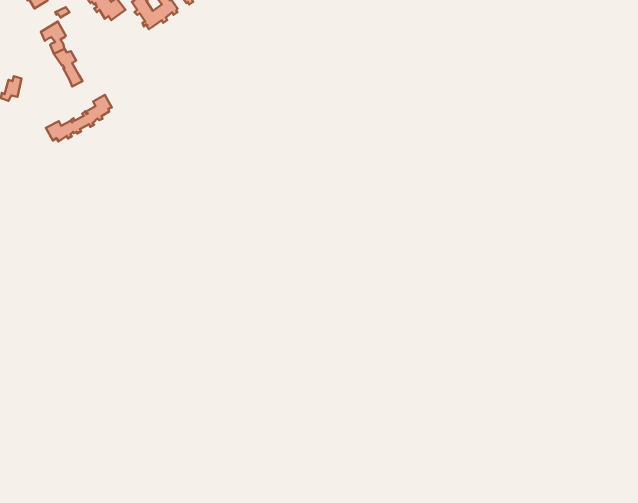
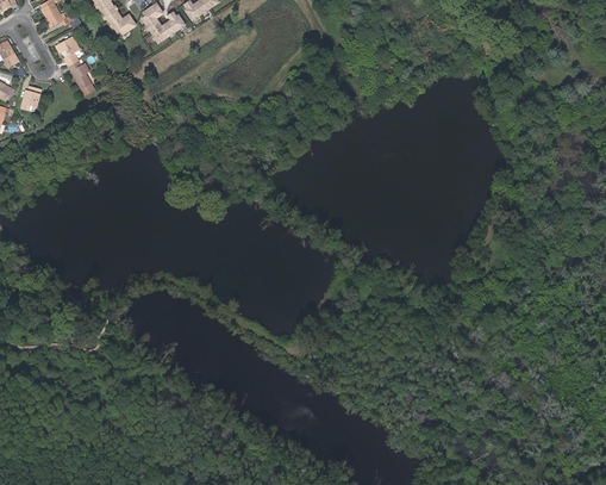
building: [46,95,112,141] -> none

